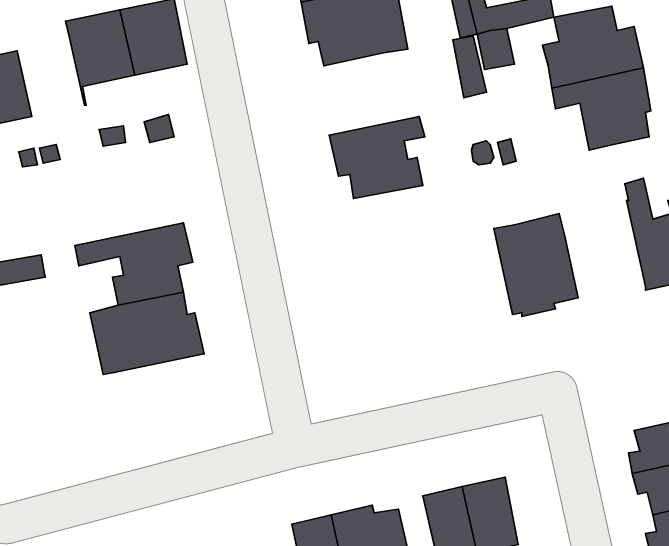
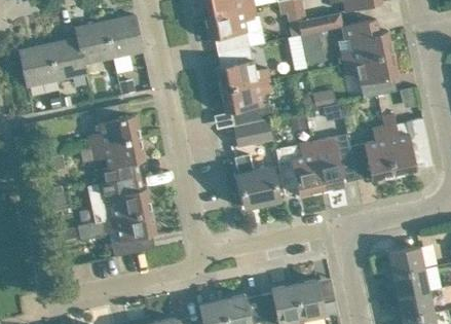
building: none -> [48,37,85,80]
building: none -> [215,45,269,91]
building: none -> [80,103,140,151]
building: none -> [234,120,273,148]
building: none -> [349,127,393,181]
building: none -> [275,142,321,196]
building: none -> [234,154,278,208]
building: none -> [77,211,156,257]

